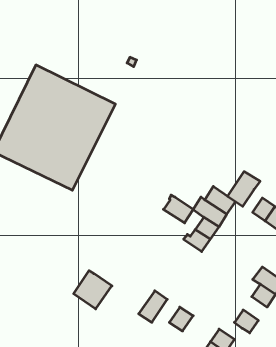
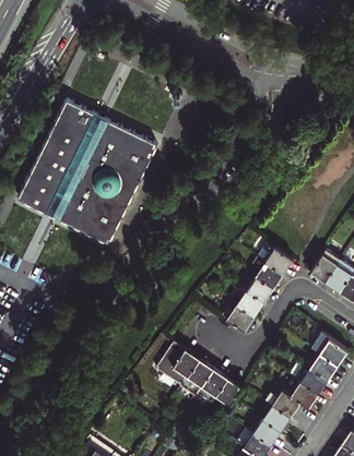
building: [228,172,260,206] -> none
building: [163,195,193,223] -> [220,300,253,332]
building: [74,271,112,309] -> [156,344,200,387]
building: none -> [296,364,328,395]
building: none -> [197,371,228,407]
building: none -> [266,392,299,417]

